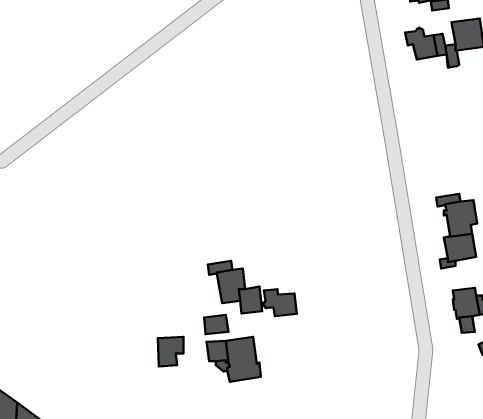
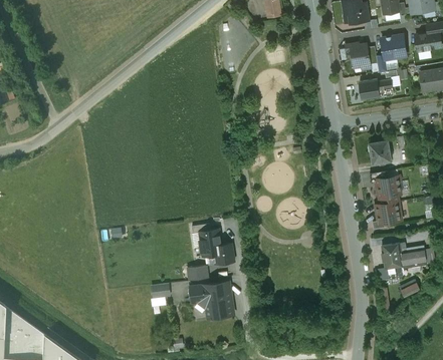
building: none -> [360,79,393,98]
building: none -> [368,140,391,163]
building: [263,289,297,316] -> none

